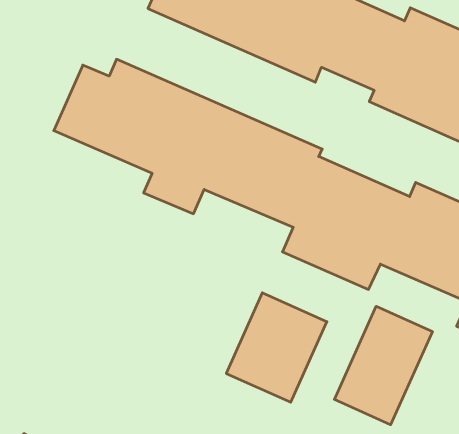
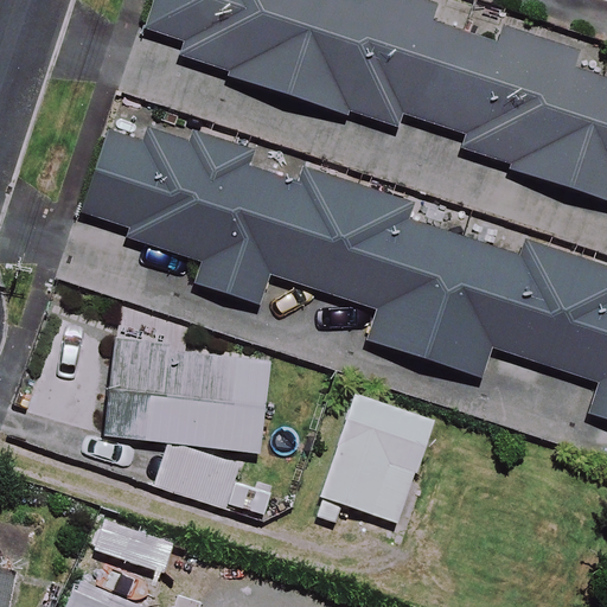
building: none -> [104,336,273,503]
building: [334,306,432,425] -> none

